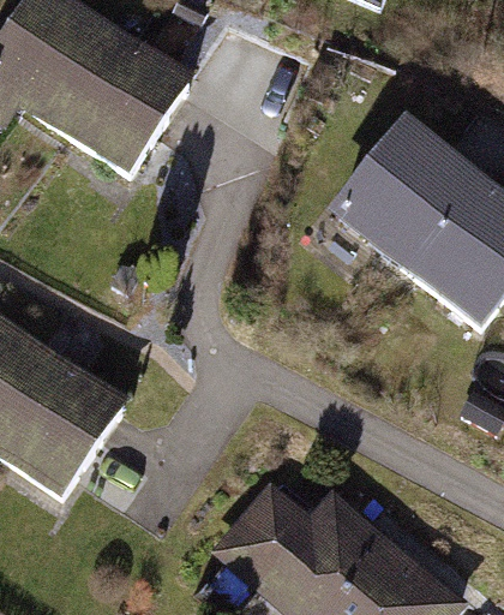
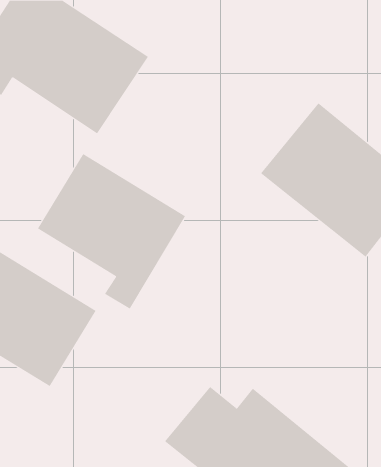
building: none -> [37,153,186,309]

